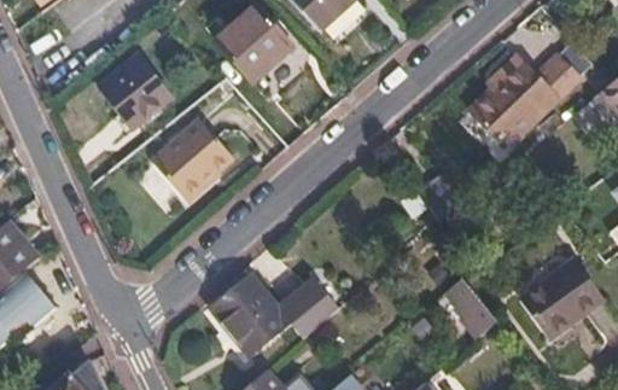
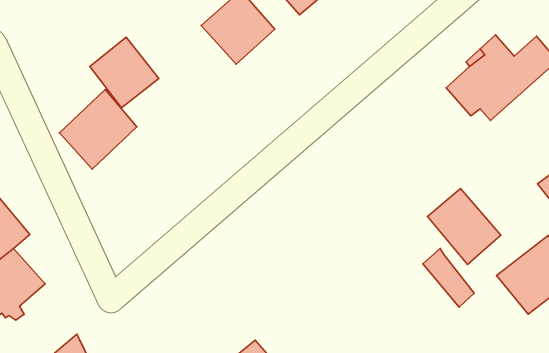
building: [153,117,233,199] -> [59,89,137,169]
building: none -> [427,188,501,264]
building: [211,270,340,353] -> none

